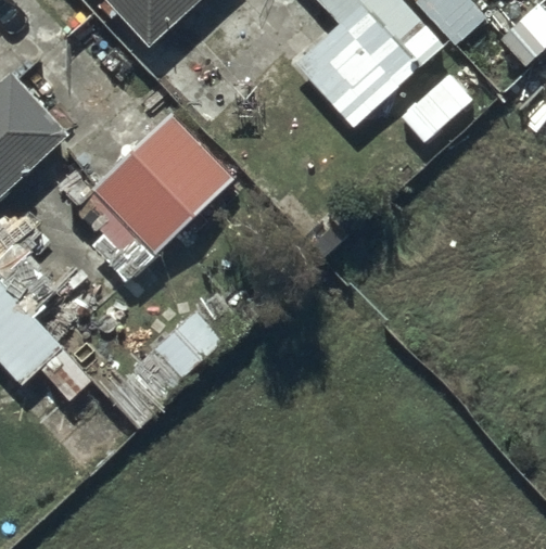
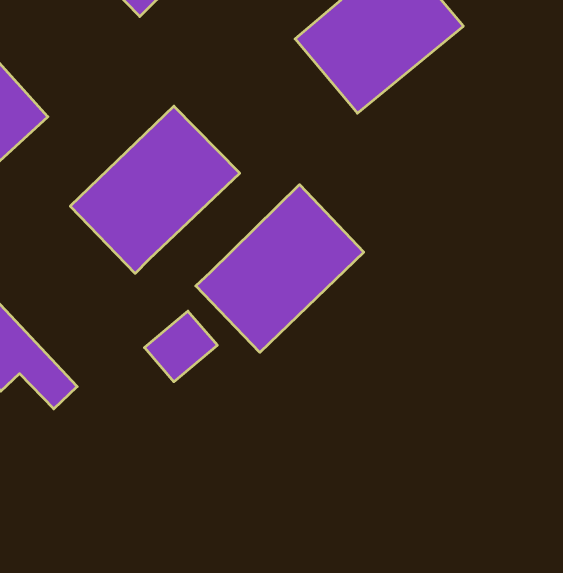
building: none -> [196,185,364,352]

